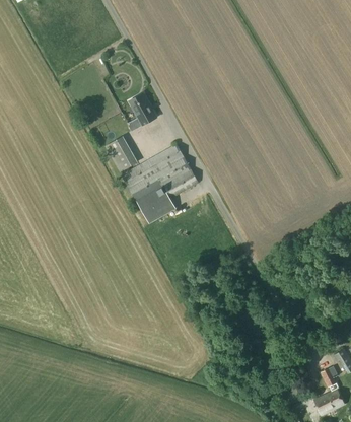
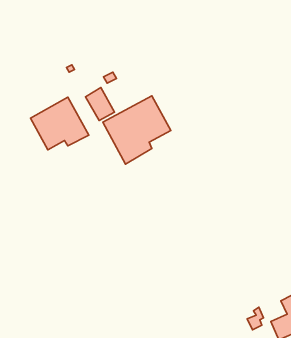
building: [128,93,157,126] -> none
building: none -> [31,97,89,150]

